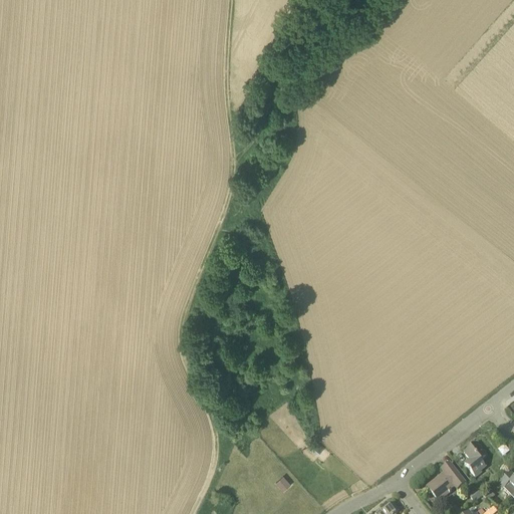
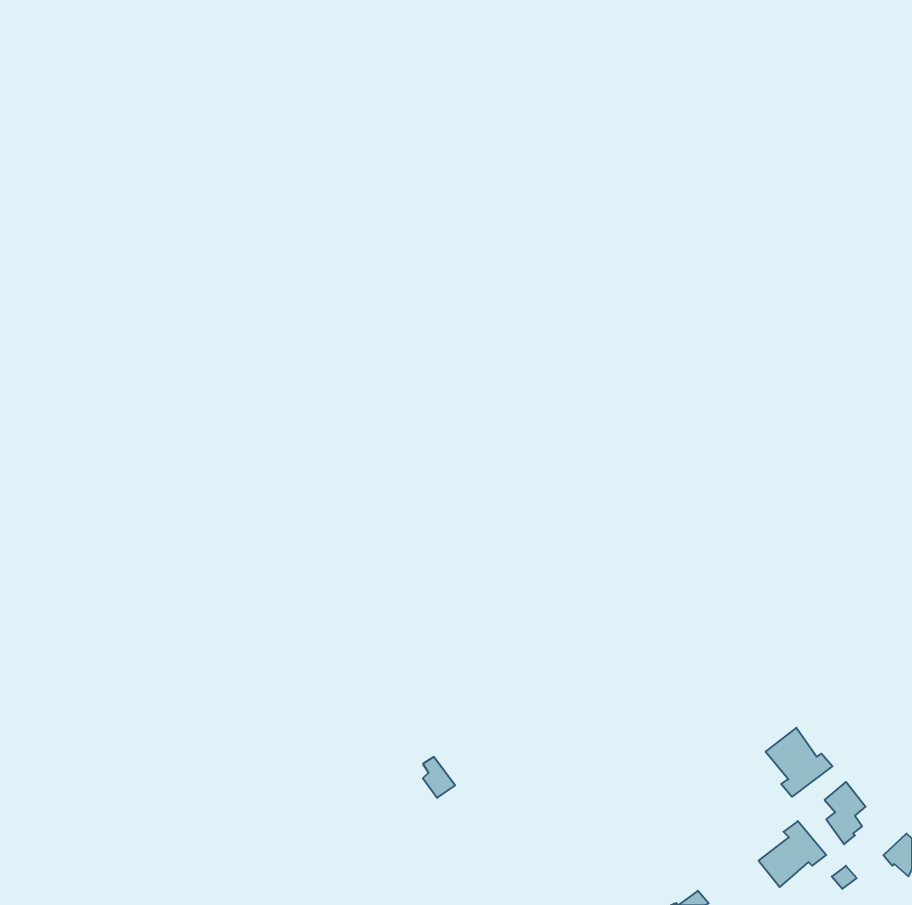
building: none -> [766,728,832,797]

